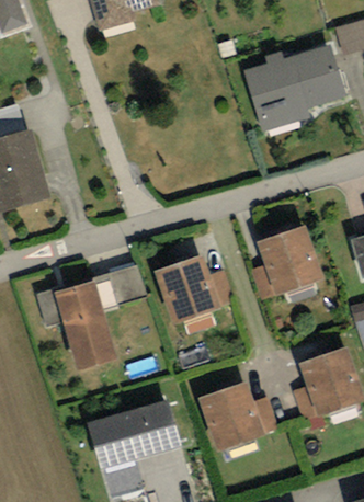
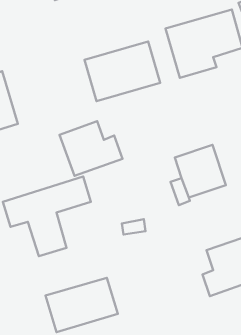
building: none -> [85,41,160,101]
building: [152,251,235,322] -> [60,121,122,176]
building: [197,378,277,448] -> none

